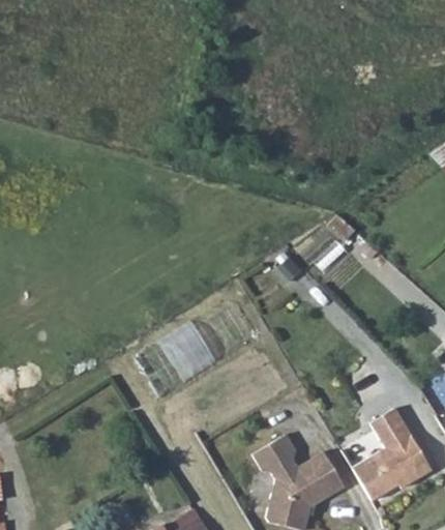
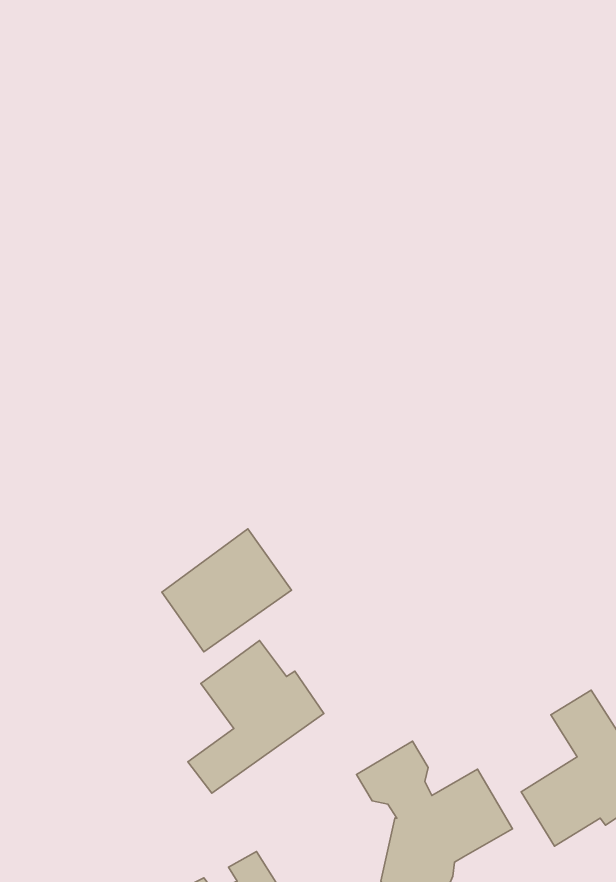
building: none -> [188,641,324,793]

